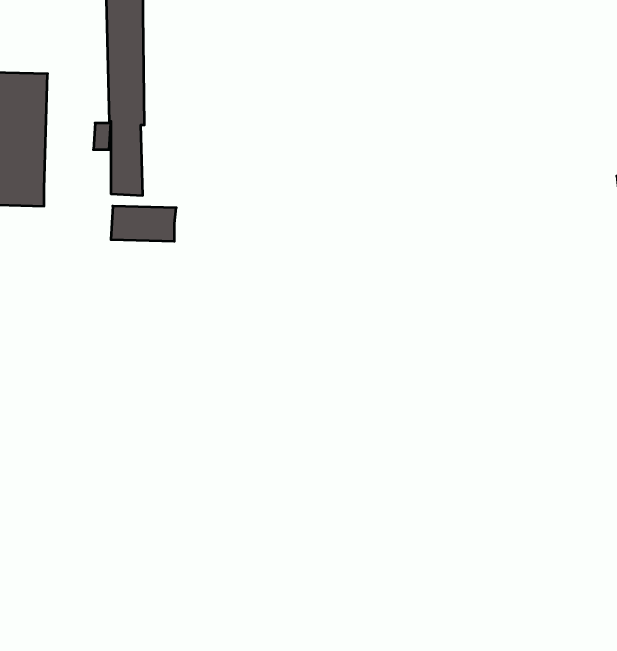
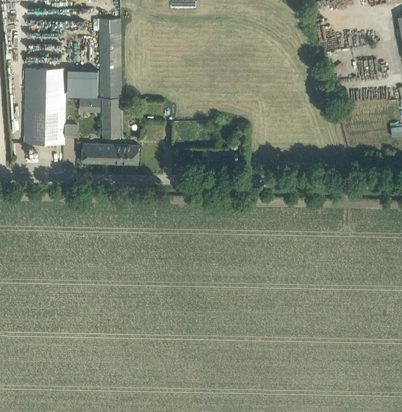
building: none -> [67,69,99,95]
building: none -> [82,143,103,163]

